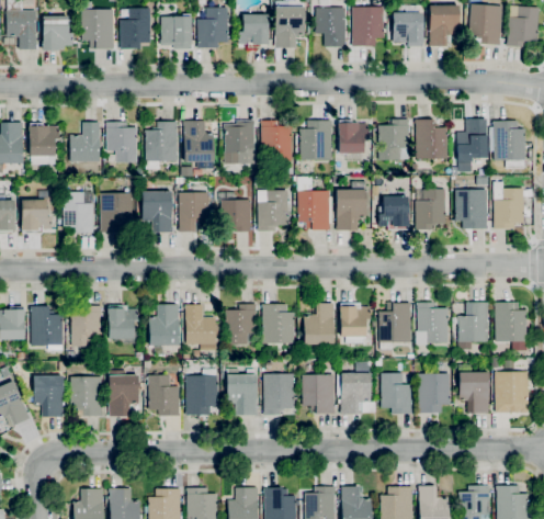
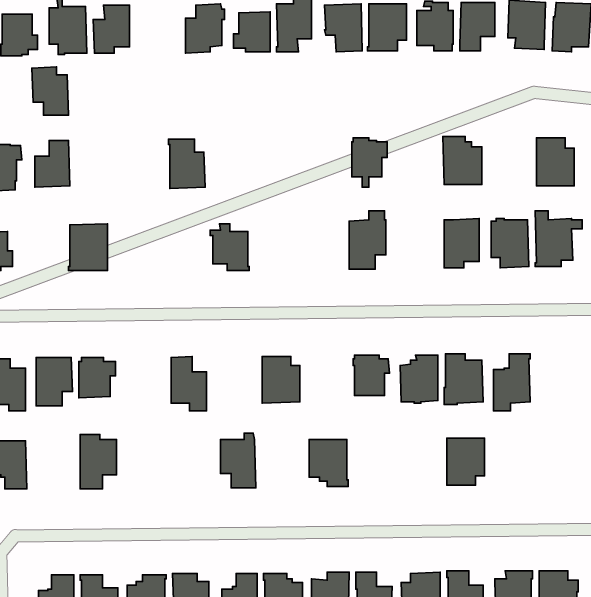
building: [160,13,191,49] -> none
building: [456,117,487,158] -> none
building: [377,119,409,160] -> none
building: [224,120,254,163] -> none
building: [299,120,331,160] -> none
building: [106,121,137,161] -> [32,67,68,115]
building: [145,121,178,168] -> none
building: [261,121,292,160] -> none
building: [258,190,288,230] -> none
building: [143,191,173,233] -> none
building: [296,191,329,230] -> none
building: [63,192,93,232] -> none
building: [179,192,208,232] -> none
building: [378,195,409,229] -> none
building: [495,302,526,341] -> none
building: [304,303,333,345] -> none
building: [149,304,179,346] -> none
building: [226,304,257,345] -> none
building: [340,362,375,414] -> none
building: [458,363,489,413] -> none
building: [70,365,102,416] -> none
building: [185,369,217,415] -> none
building: [495,371,526,413] -> none
building: [377,372,411,414] -> none
building: [148,374,179,416] -> none
building: [263,374,294,414] -> none

